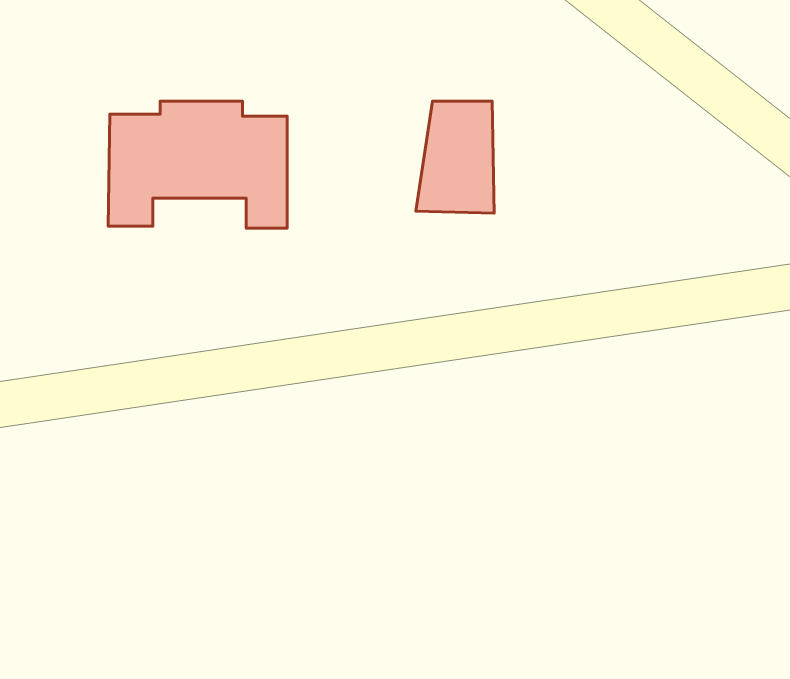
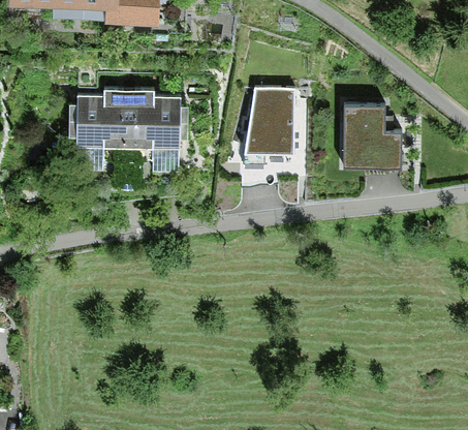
building: none -> [347,109,398,164]

